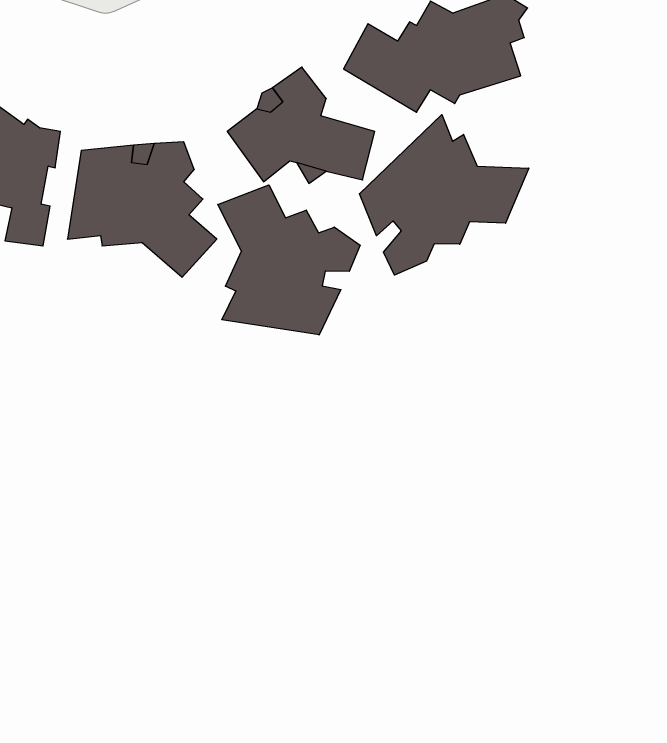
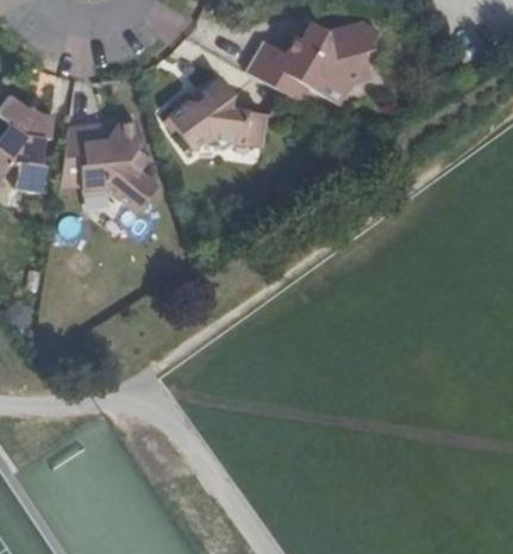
building: [359,115,529,275] -> none
building: [218,185,360,335] -> none

